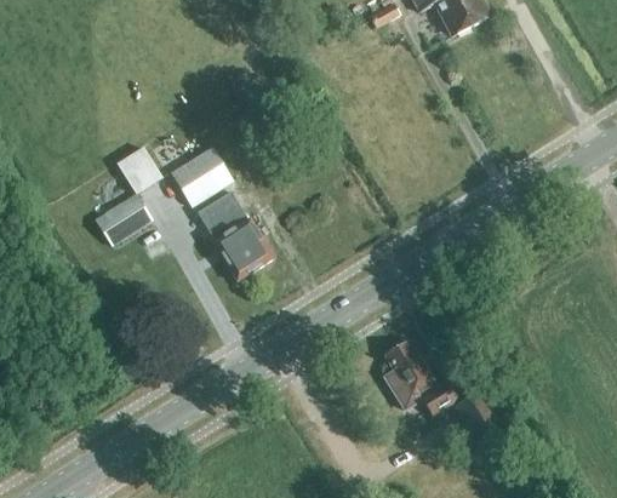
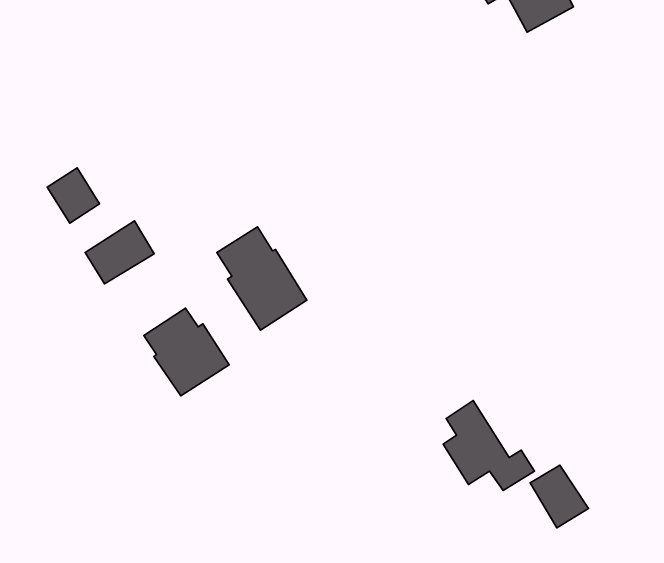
building: [118,145,160,190] -> [47,168,100,223]
building: [170,145,232,202] -> none
building: none -> [144,308,229,396]

